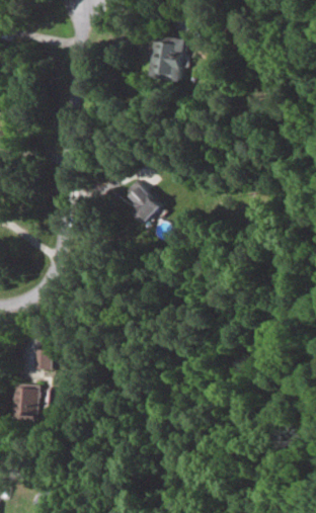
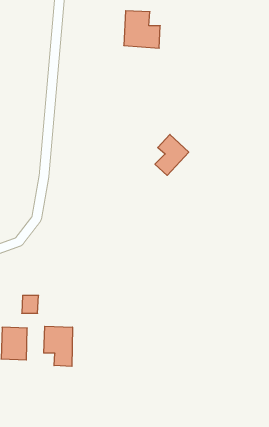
building: [130,183,166,228] -> [155,134,189,175]
building: none -> [44,326,72,366]

